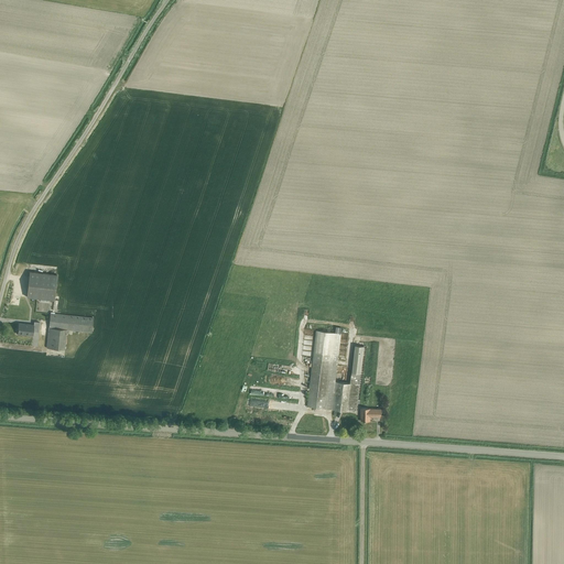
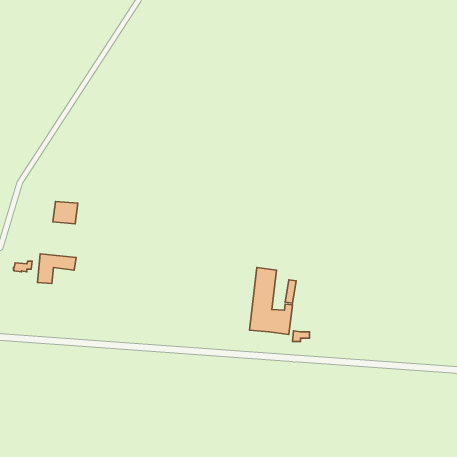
building: [26,272,57,300] -> [53,201,78,224]

